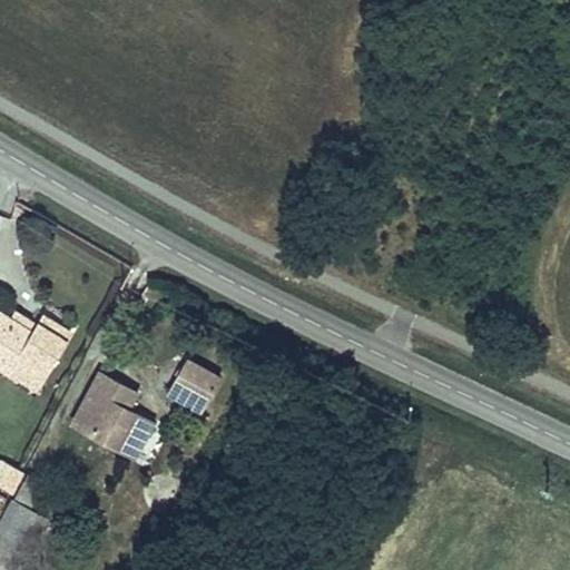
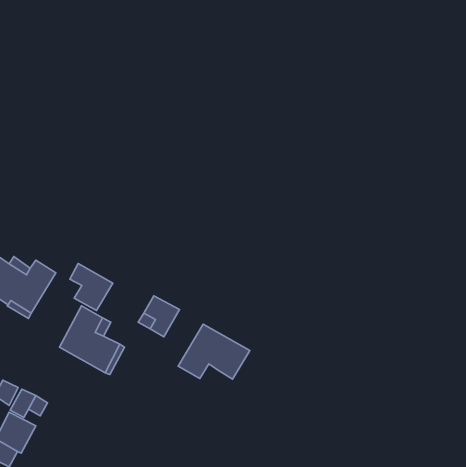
building: none -> [70,264,113,310]
building: none -> [178,324,250,379]

